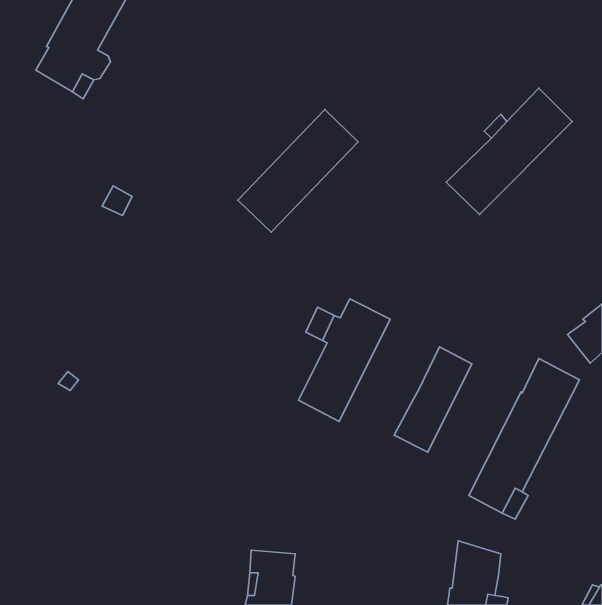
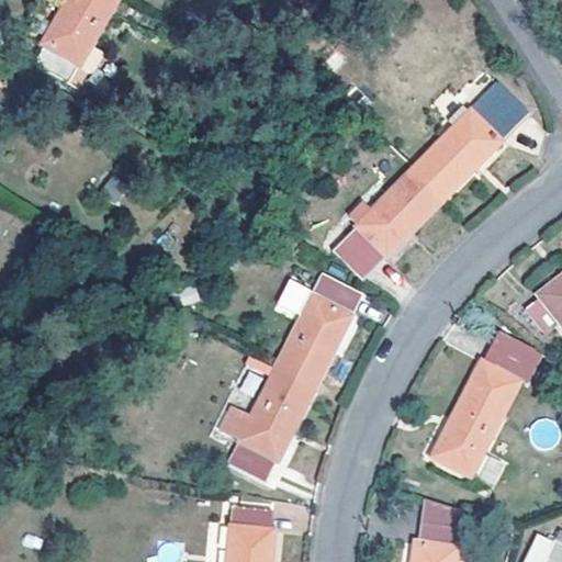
building: [238,110,358,232] -> [331,168,442,281]
building: [394,347,472,452] -> none
building: none -> [220,369,313,483]

